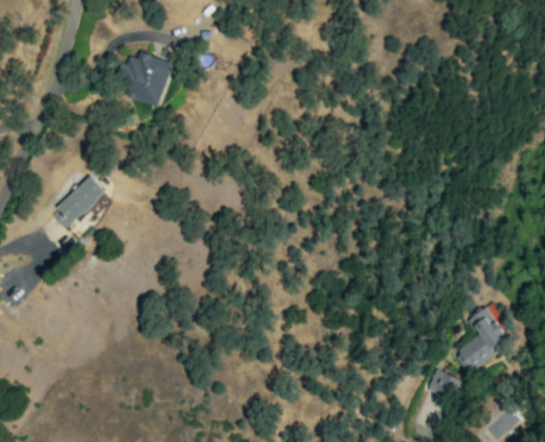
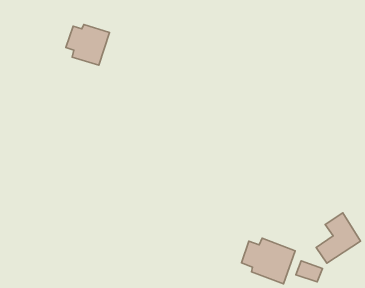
building: [50,175,105,228] -> none
building: none -> [242,238,295,284]

